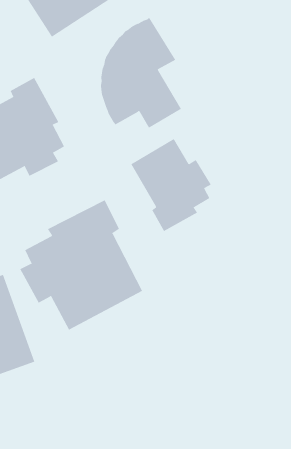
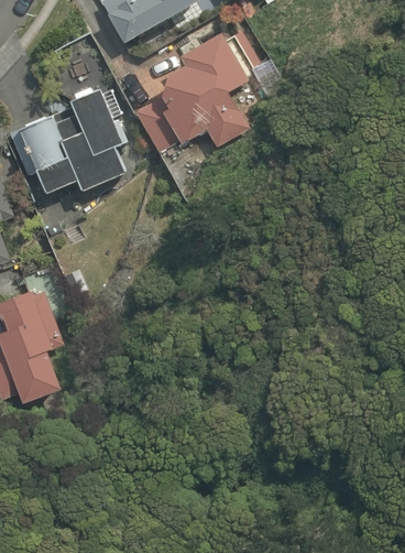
building: [130,138,212,232] -> none
building: [20,199,143,331] -> none

